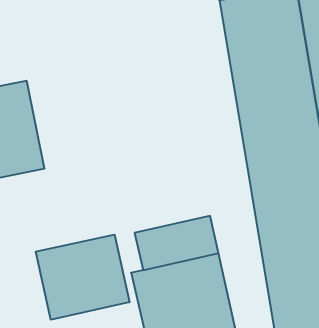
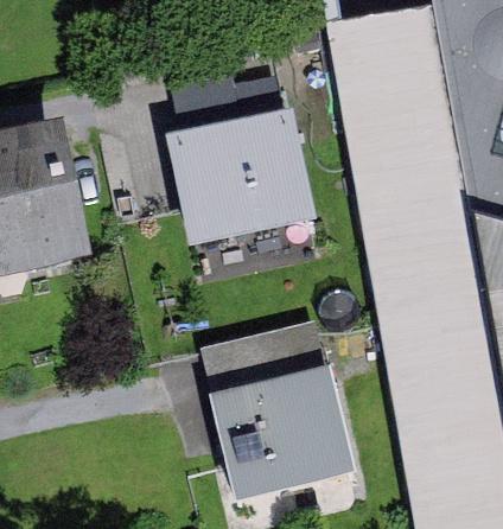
building: none -> [170,114,306,246]
building: [36,235,129,320] -> none

